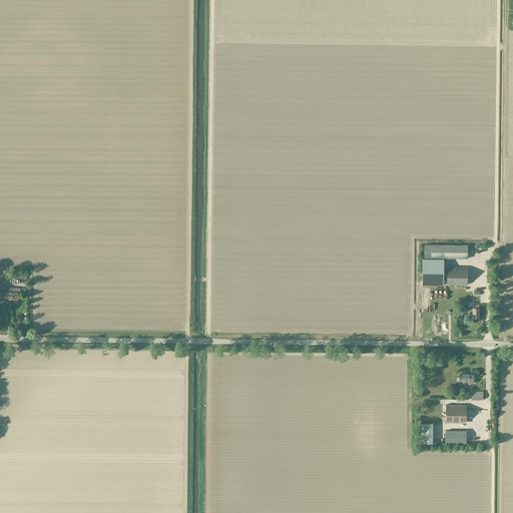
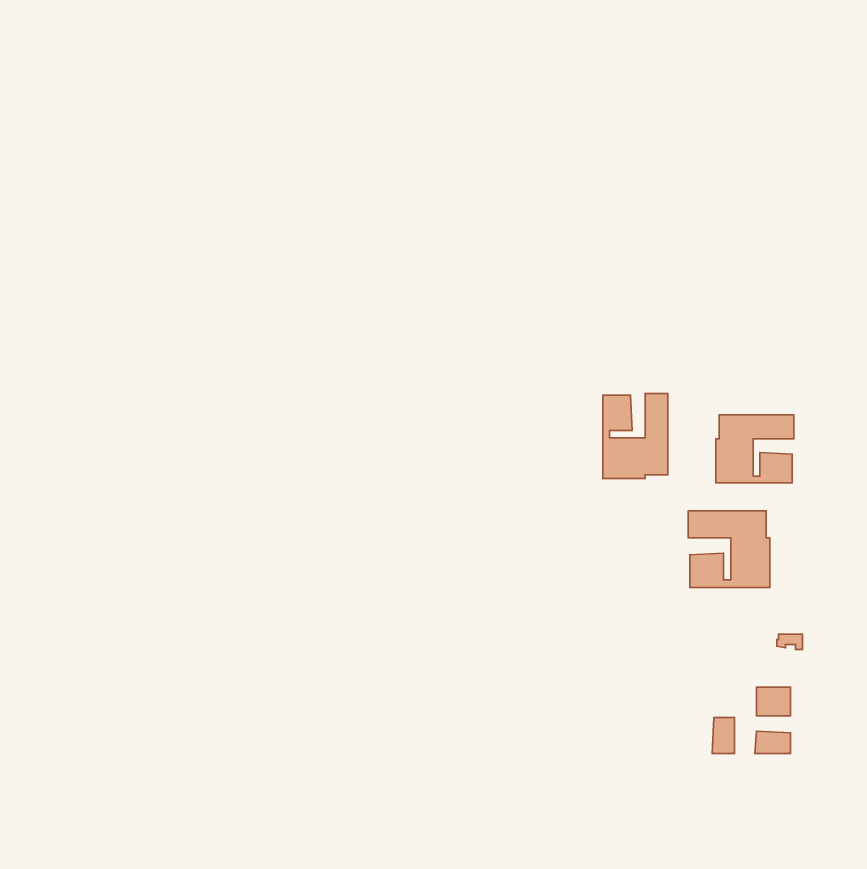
building: none -> [603,393,668,478]
building: none -> [688,511,770,588]

